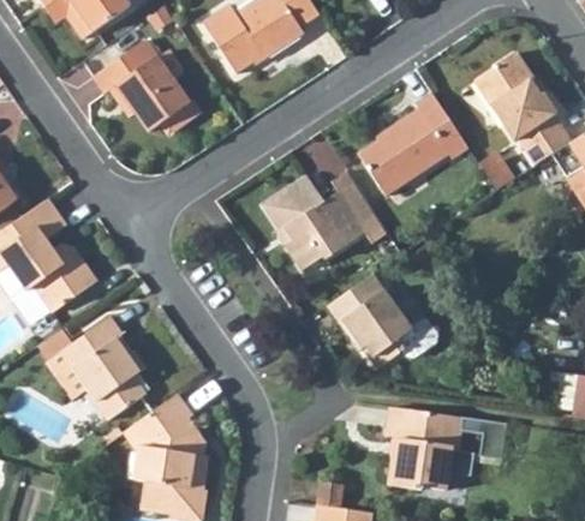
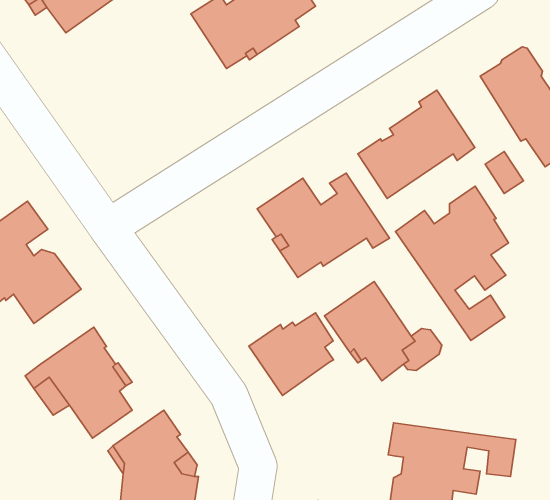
building: [92,38,198,133] -> none
building: none -> [395,186,509,341]
building: none -> [249,313,334,395]

